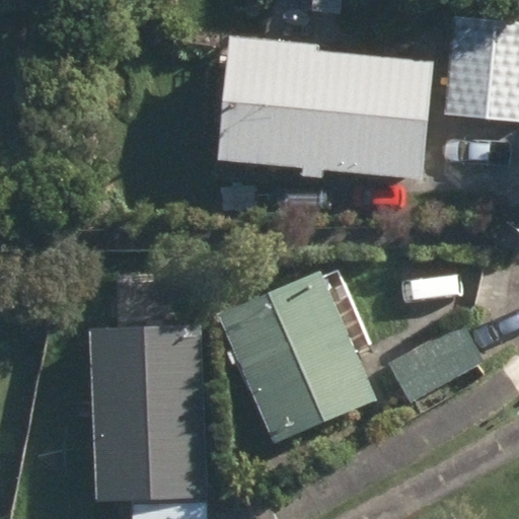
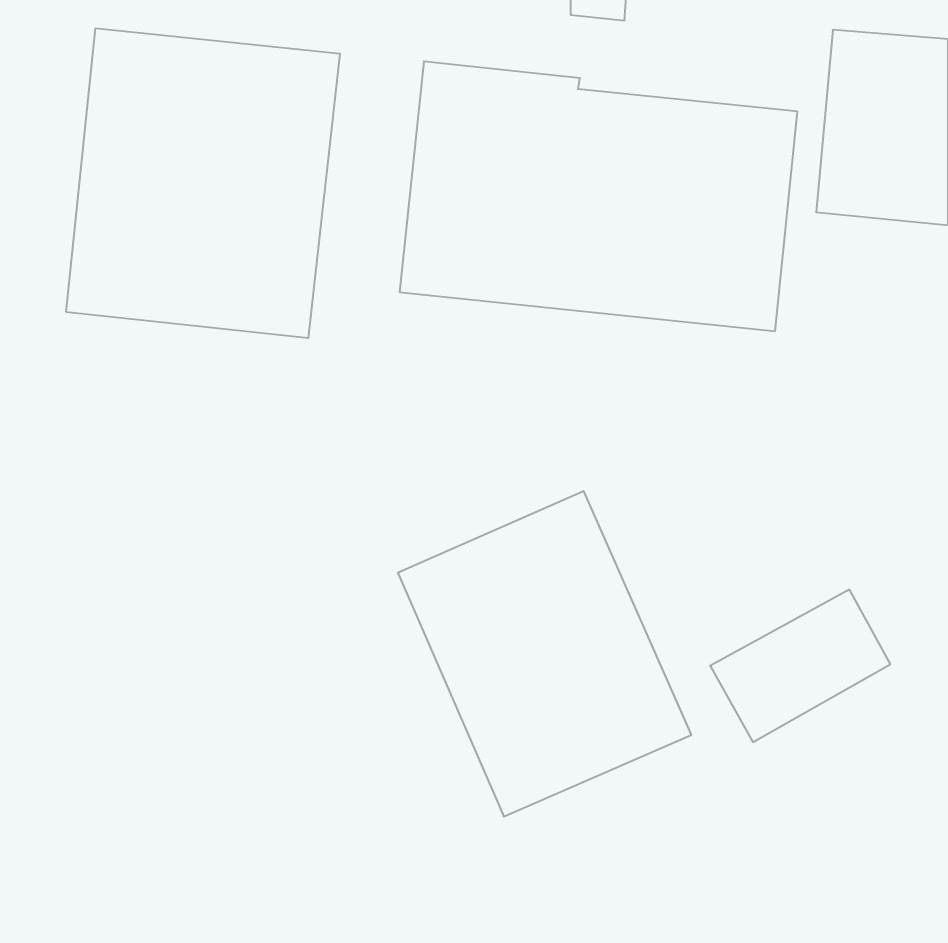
building: none -> [66,28,340,338]
building: [88,324,208,504] -> none

